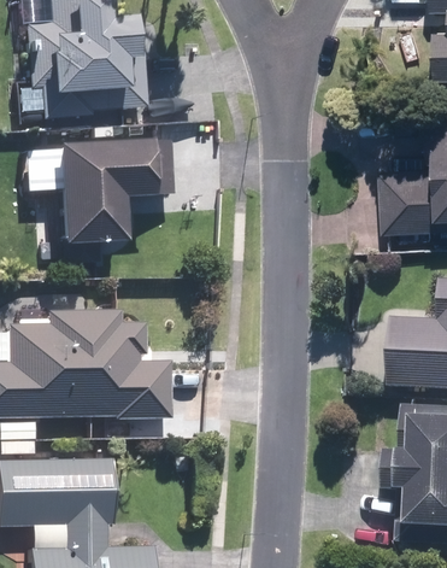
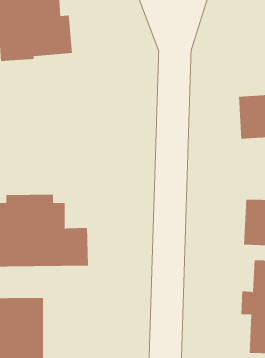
building: [49,141,169,247] -> none

